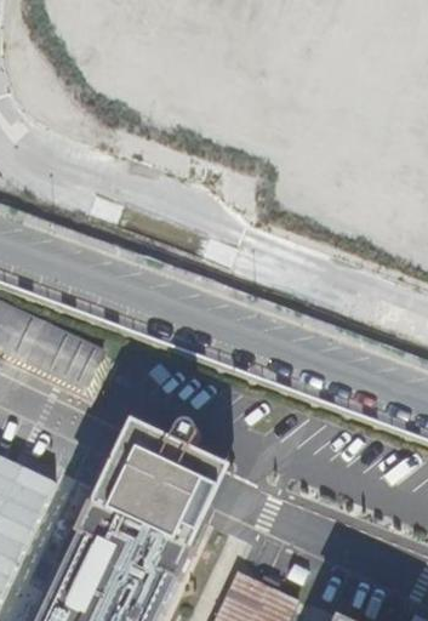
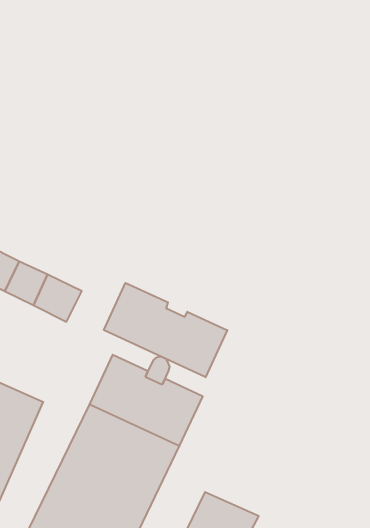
building: none -> [104,283,227,377]

